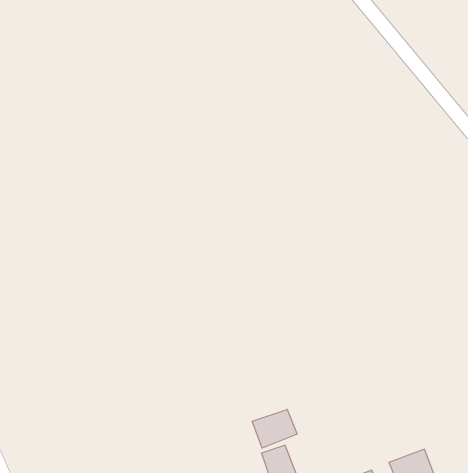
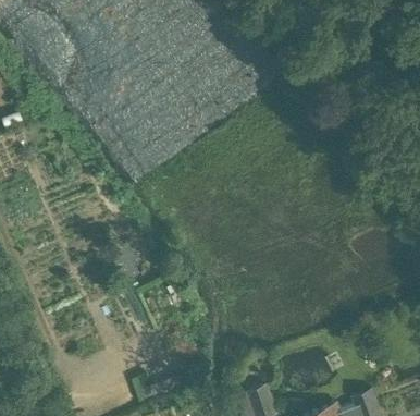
building: [252,409,297,448] -> none

